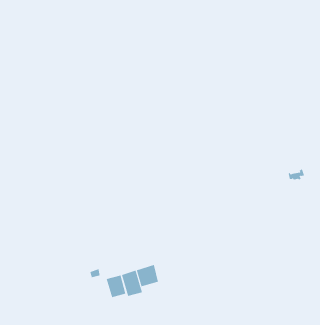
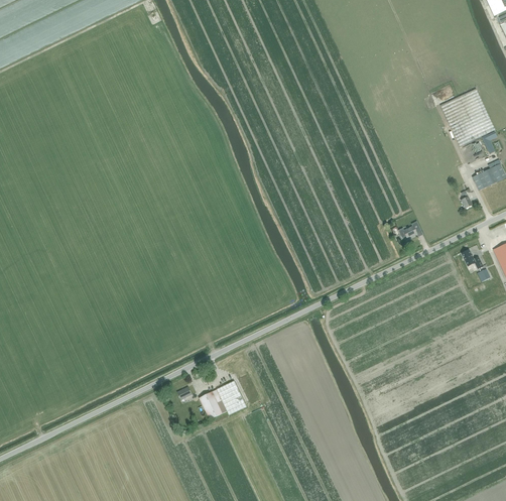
building: [136,264,159,287] -> none

